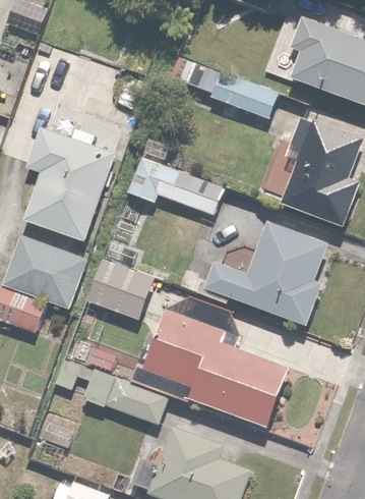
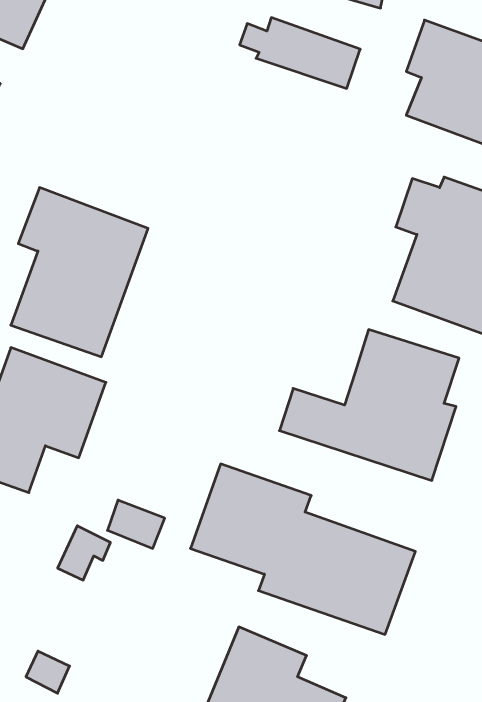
building: [195,67,277,115] -> [240,18,360,88]
building: [126,157,224,214] -> none
building: [86,260,149,318] -> none
building: [82,369,166,424] -> none

